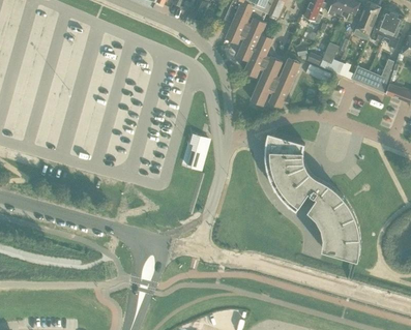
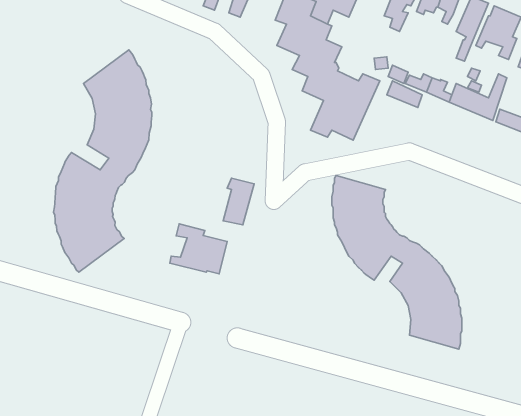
building: none -> [54,50,152,272]
building: none -> [170,224,227,274]

